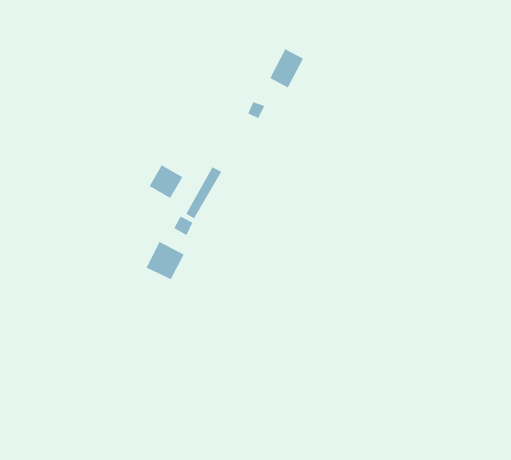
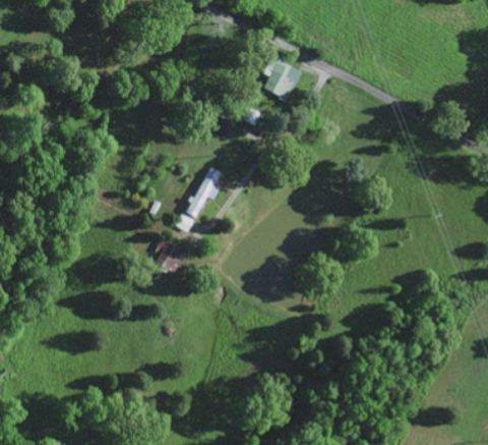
building: [149,164,183,199] -> none

